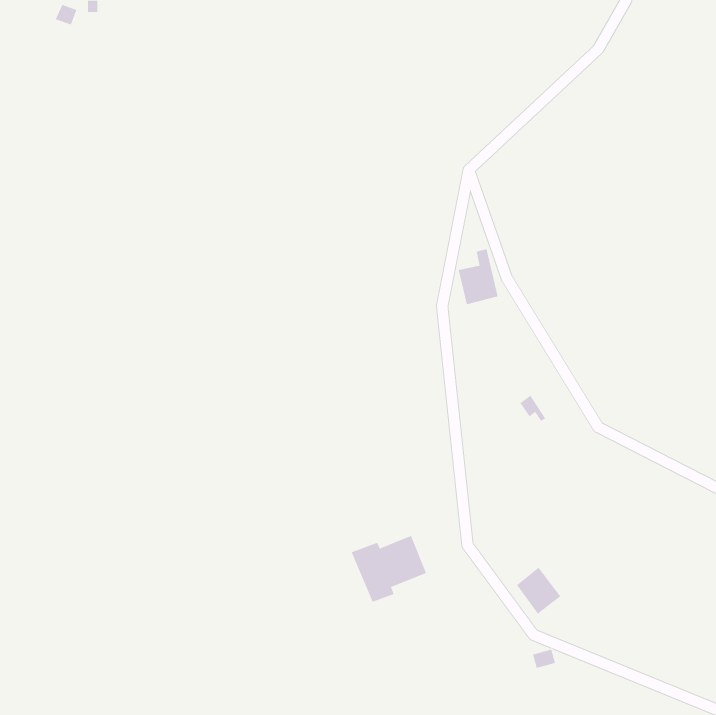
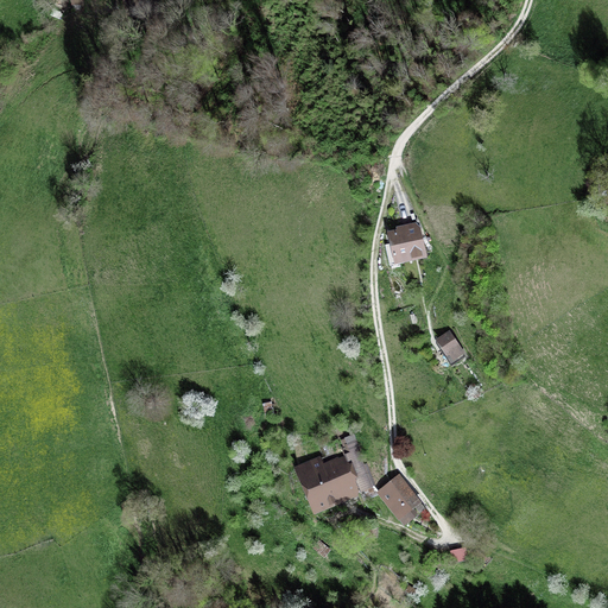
building: [516,567,561,615] -> [380,477,418,518]

